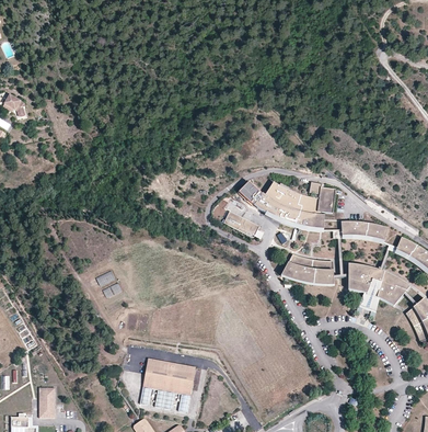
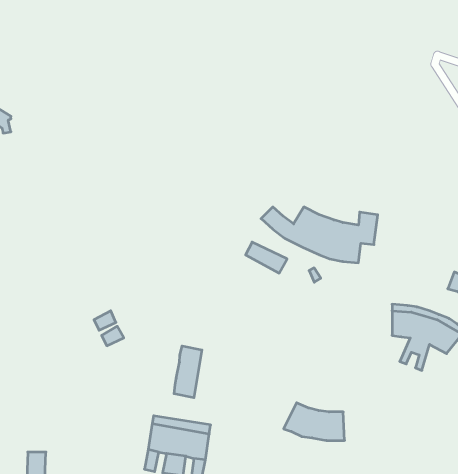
building: [342,220,389,240] -> none
building: [282,252,334,284] -> [284,403,345,440]
building: none -> [174,346,202,398]

